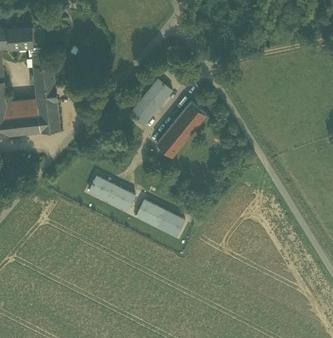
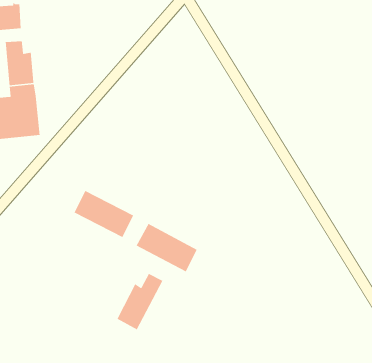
building: [128,79,172,126] -> none
building: [157,101,206,156] -> none
building: none -> [116,273,163,330]

